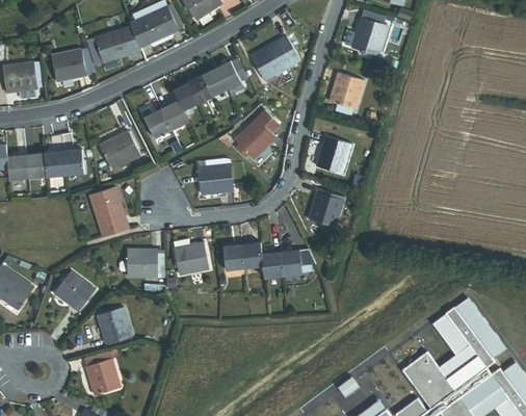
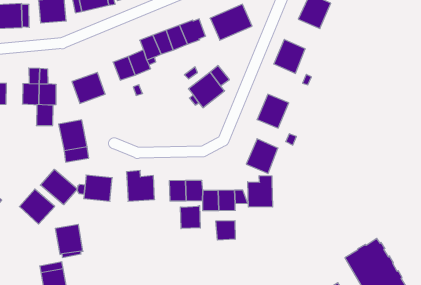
building: [24,154,45,179] -> [36,105,53,126]
building: [198,164,232,194] -> none
building: none -> [248,176,273,207]
building: none -> [40,169,77,205]
building: none -> [180,206,200,229]
building: none -> [216,221,235,240]

